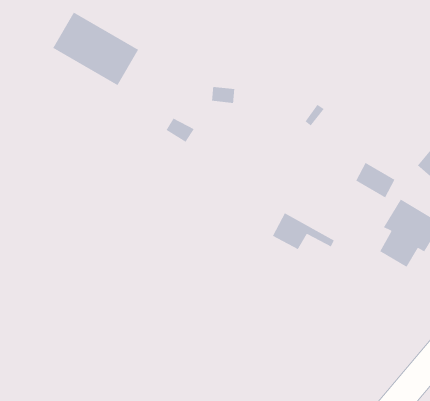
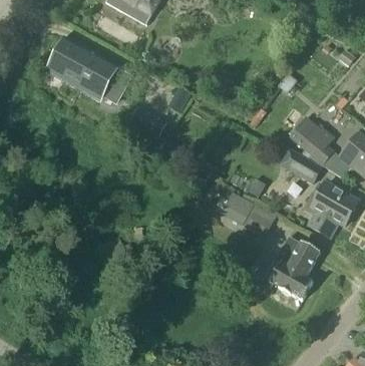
building: none -> [290,118,332,163]
building: none -> [269,236,320,300]

